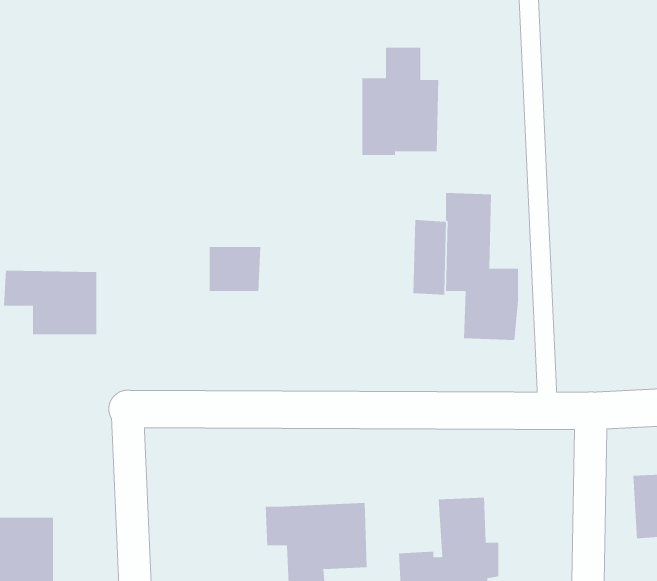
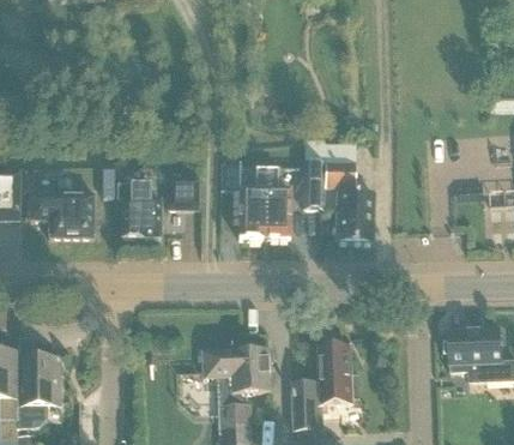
building: [362,47,439,155] -> [236,166,288,237]
building: none -> [114,181,157,235]

